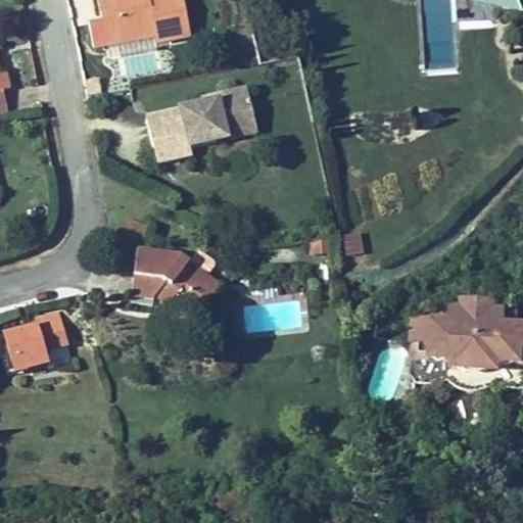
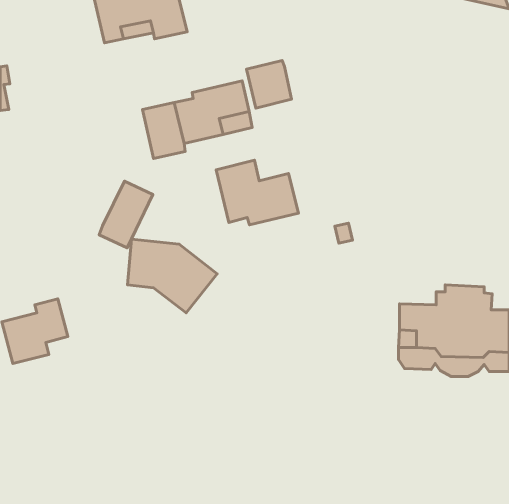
building: none -> [247,61,291,108]
building: none -> [216,160,298,225]
building: none -> [99,181,153,248]

